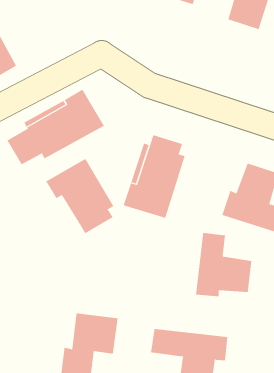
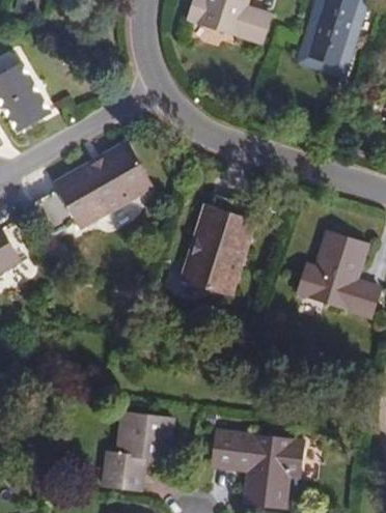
building: [45,158,114,234] -> none
building: [196,232,252,297] -> none

